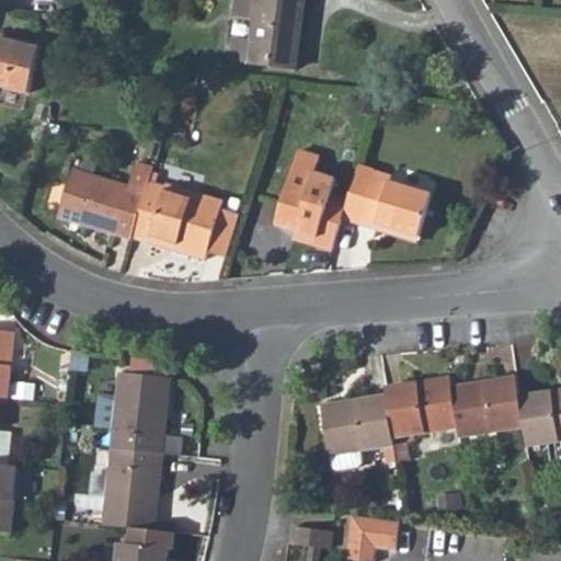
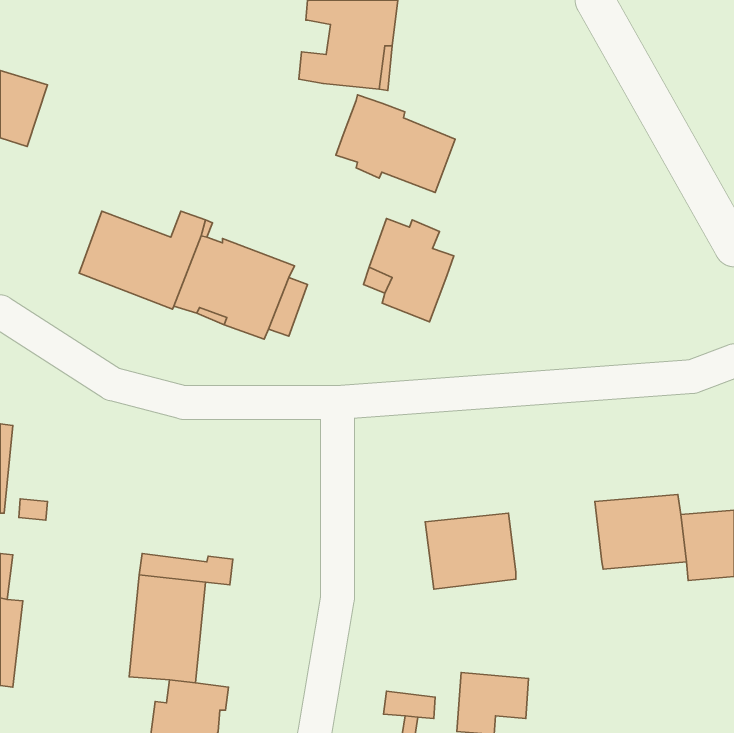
building: [341,165,432,240] -> [336,95,455,192]
building: [108,366,164,430] -> none
building: [387,378,459,437] -> none

